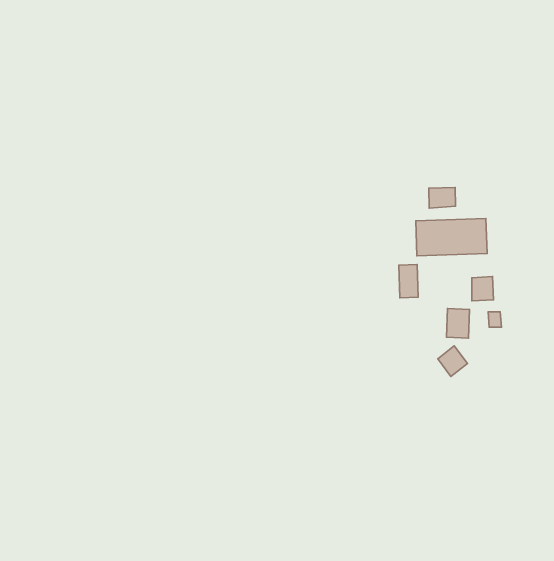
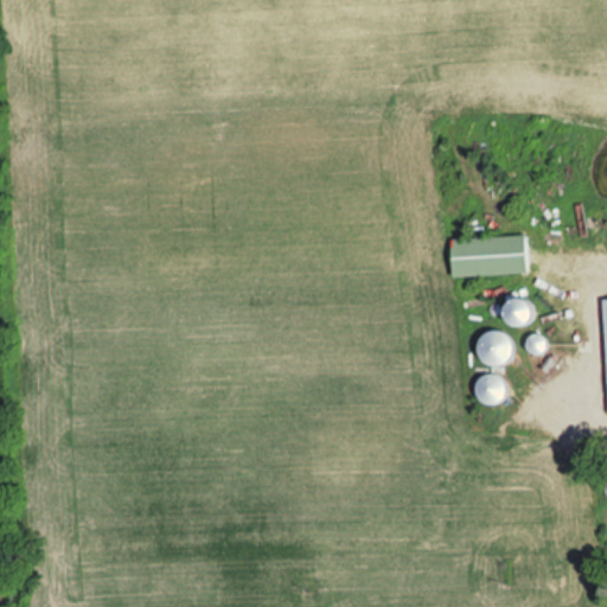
building: [429,188,456,208] -> none
building: [399,264,418,298] -> none

